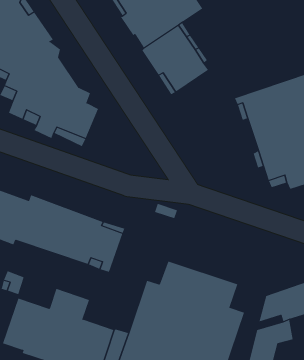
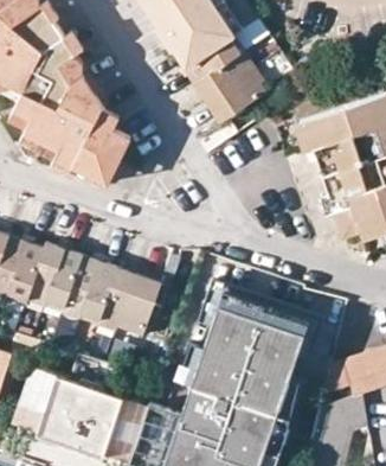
building: none -> [213,293,309,351]

